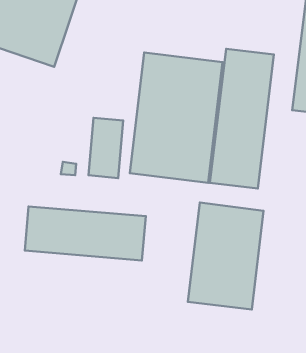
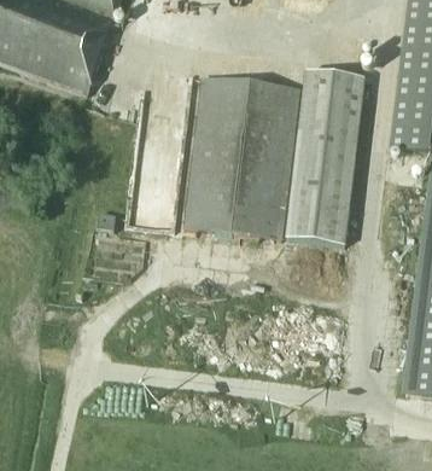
building: [188,203,264,310] -> none
building: [25,206,146,260] -> none

